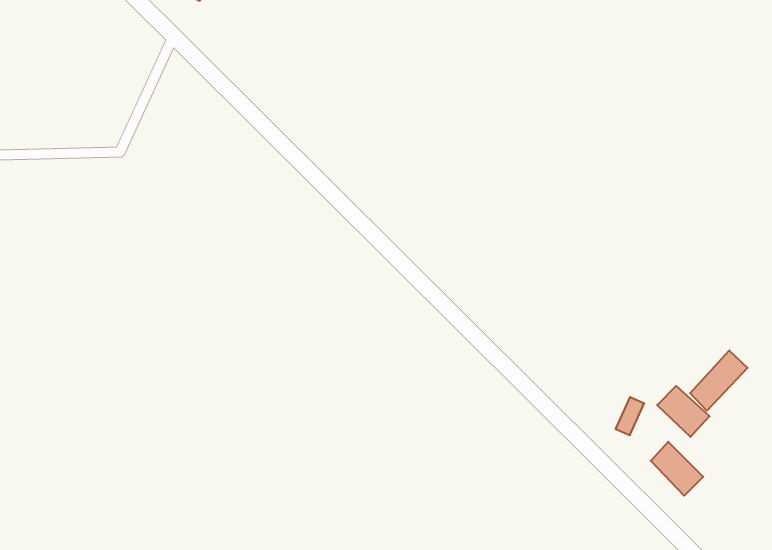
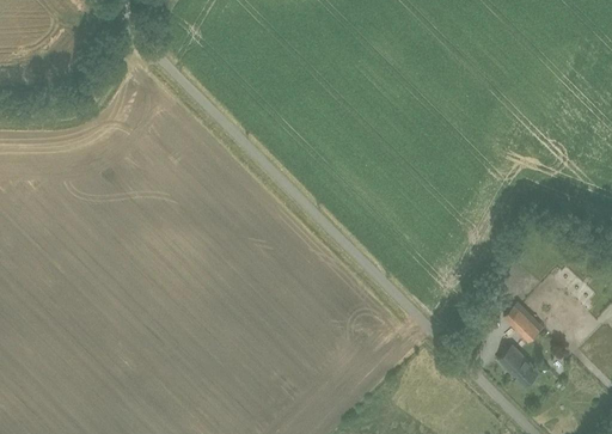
building: [690,350,748,411] -> none

